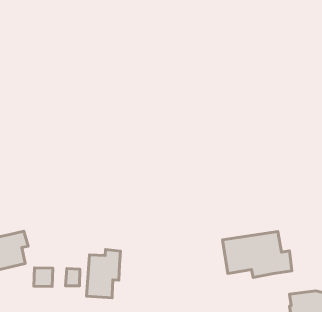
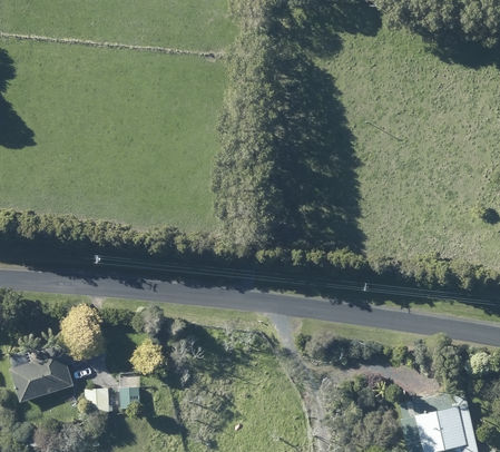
building: [223,232,292,277] -> none
building: [87,249,121,298] -> none

